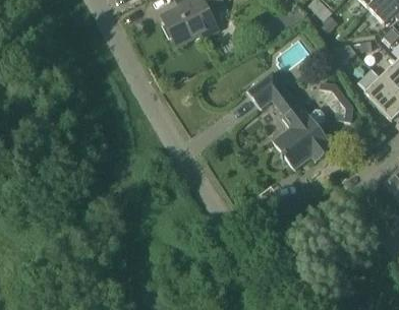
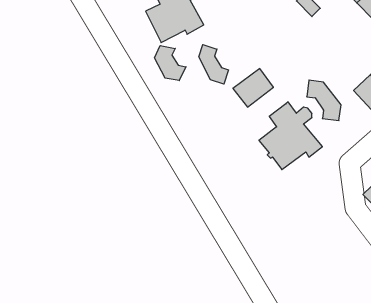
building: none -> [199,45,229,84]
building: none -> [155,46,186,81]

